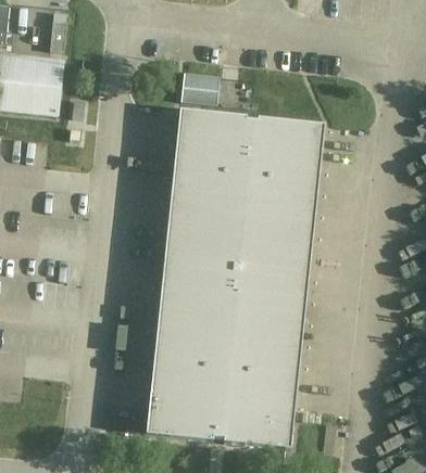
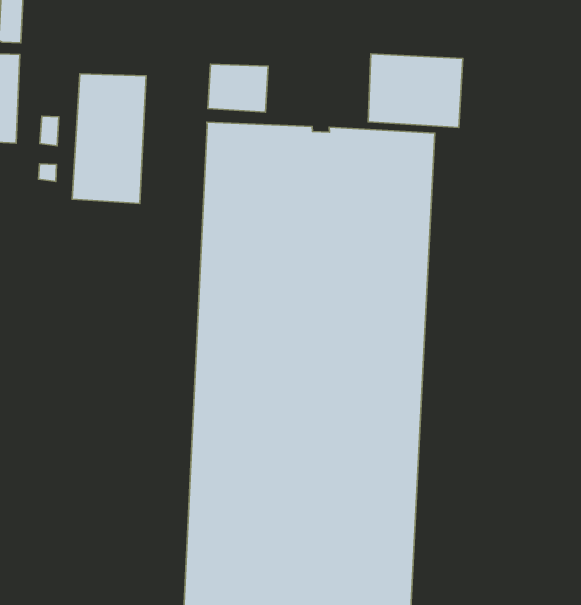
building: none -> [368,54,463,128]
building: none -> [72,74,146,203]

